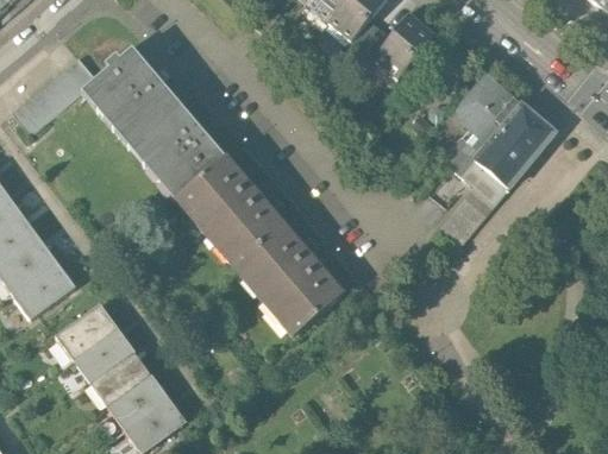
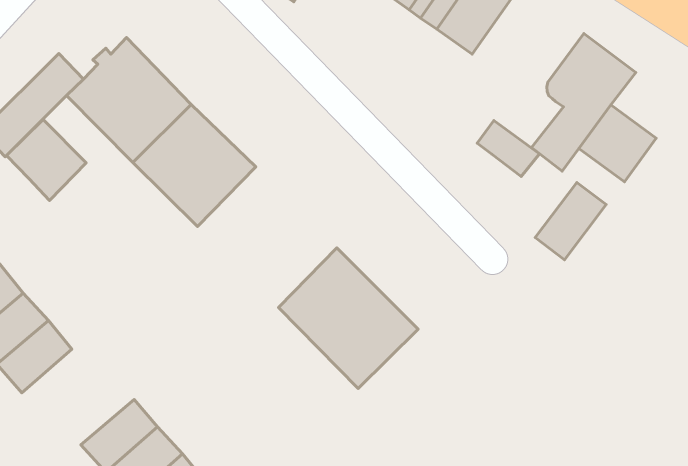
building: [504,103,558,156] -> none
building: none -> [7,119,86,201]
building: [176,155,283,265] -> none
building: [463,159,510,204] -> [477,120,539,176]
building: [56,304,117,360] -> none

